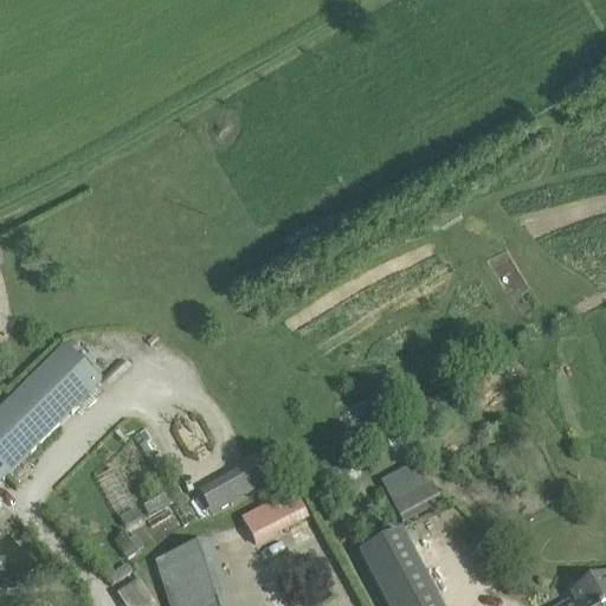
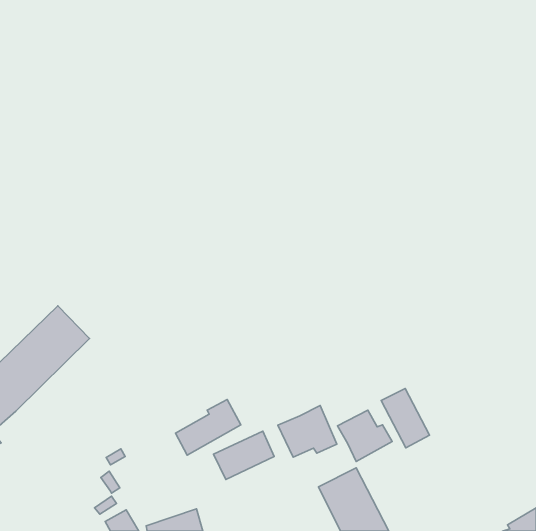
building: none -> [381,389,429,448]
building: none -> [278,405,337,457]
building: [153,540,221,592] -> none

